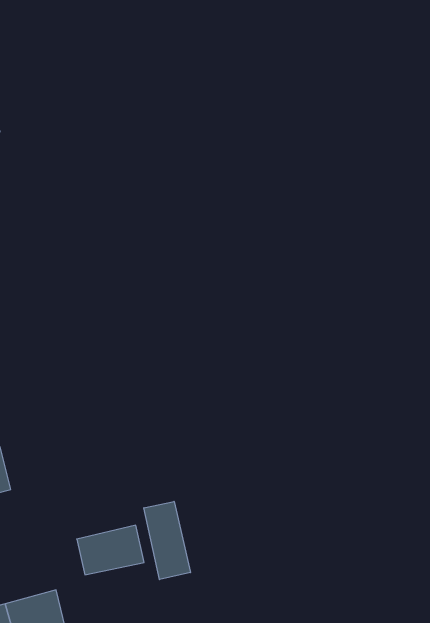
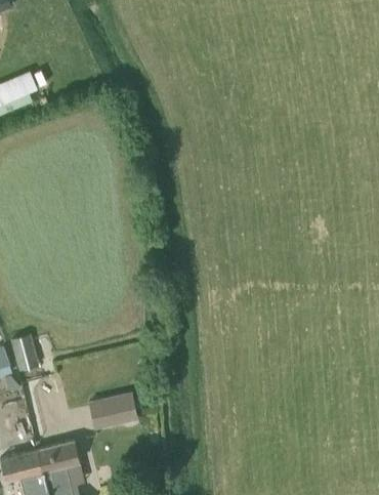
building: [144,501,190,580] -> none

